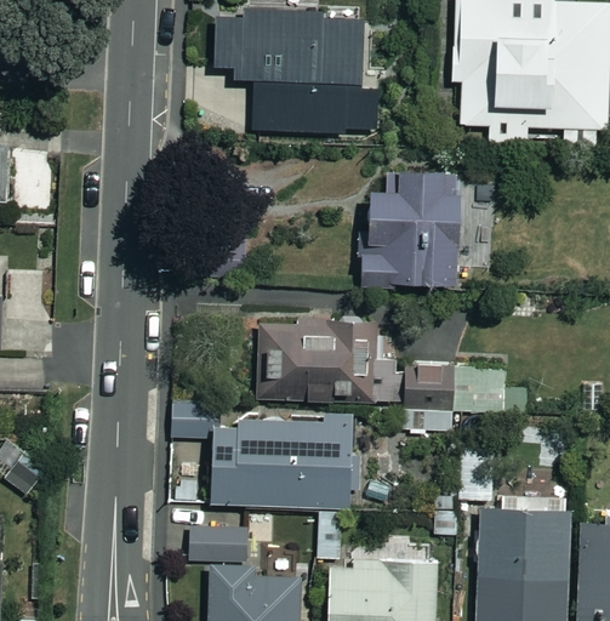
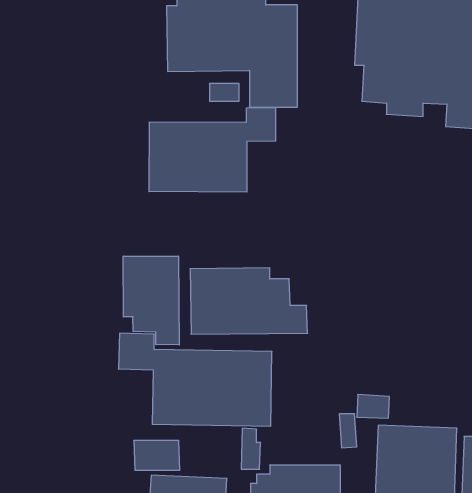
building: none -> [149,108,276,192]
building: [359,169,458,290] -> none
building: none -> [123,256,179,345]
building: [406,335,525,412] -> none

